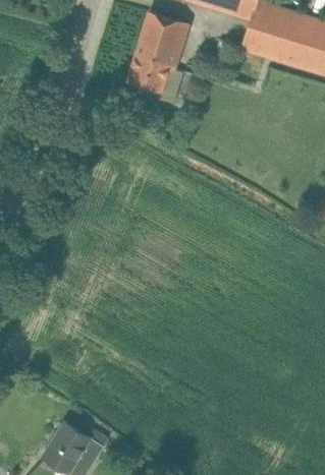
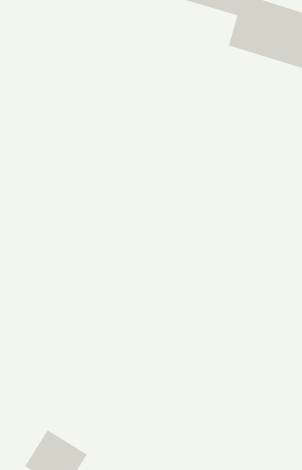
building: [128,12,187,91] -> none

